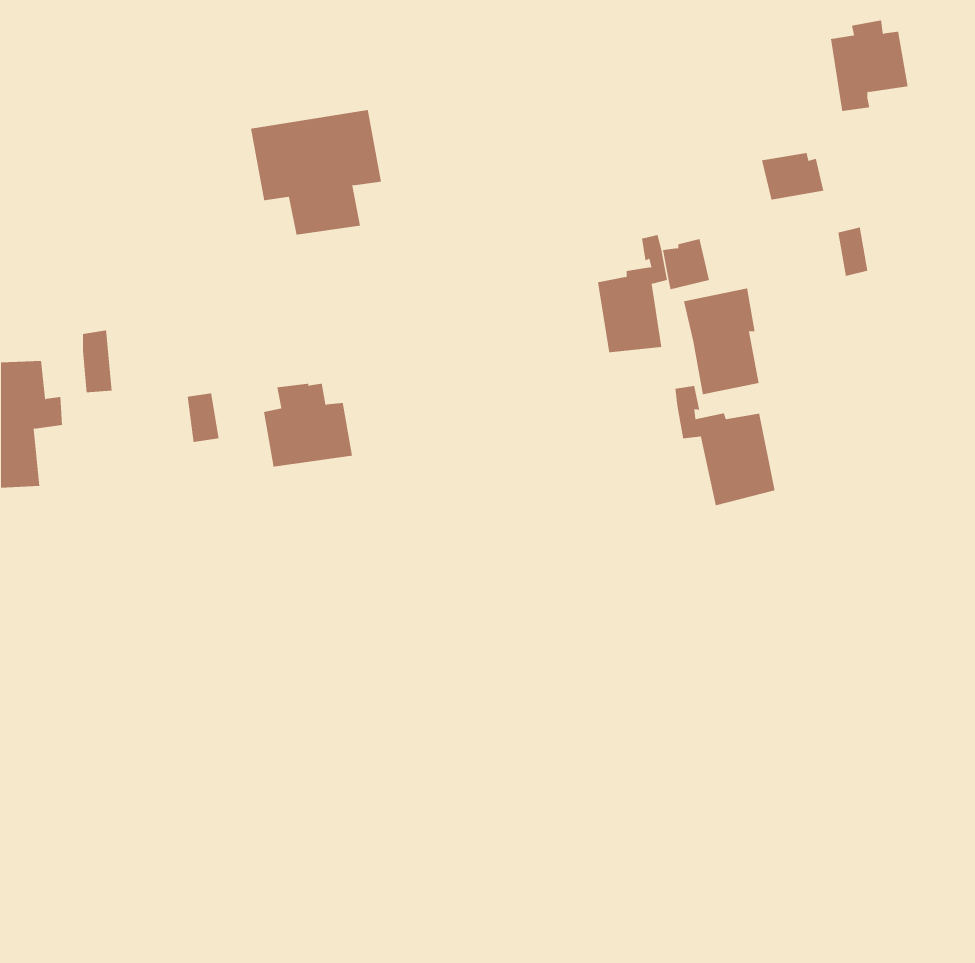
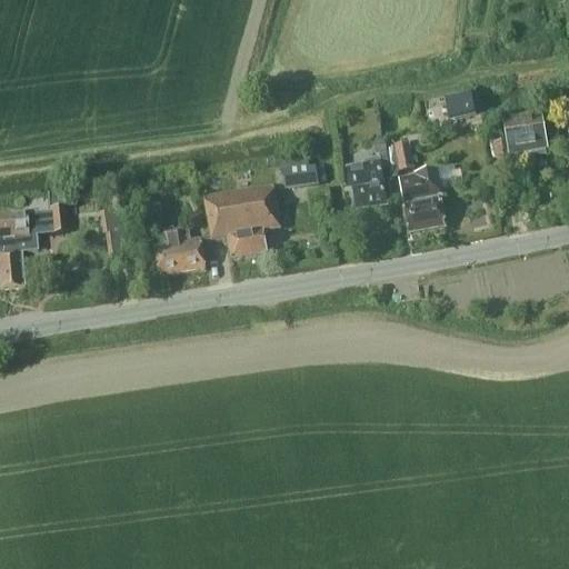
building: [830,20,908,111] -> [502,107,548,160]
building: [250,109,382,235] -> [203,182,280,256]
building: none -> [282,163,323,186]
building: [675,385,775,506] -> none

